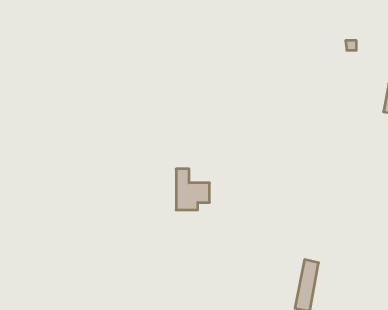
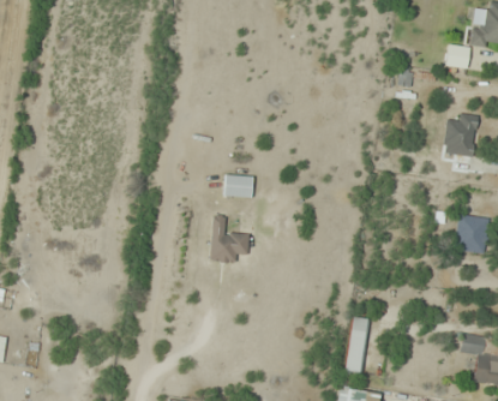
building: none -> [224,175,253,197]

